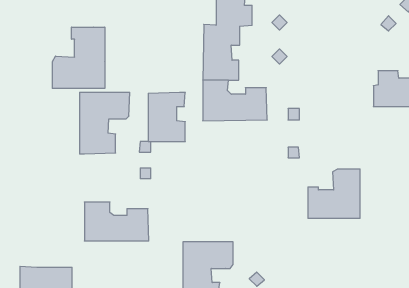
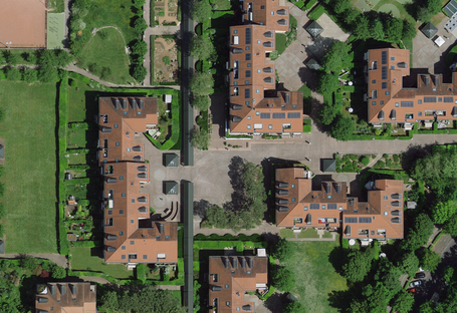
building: [52,27,105,88] -> none
building: none -> [371,50,413,118]
building: [148,92,185,142] -> [106,164,146,216]
building: none -> [278,169,344,222]

